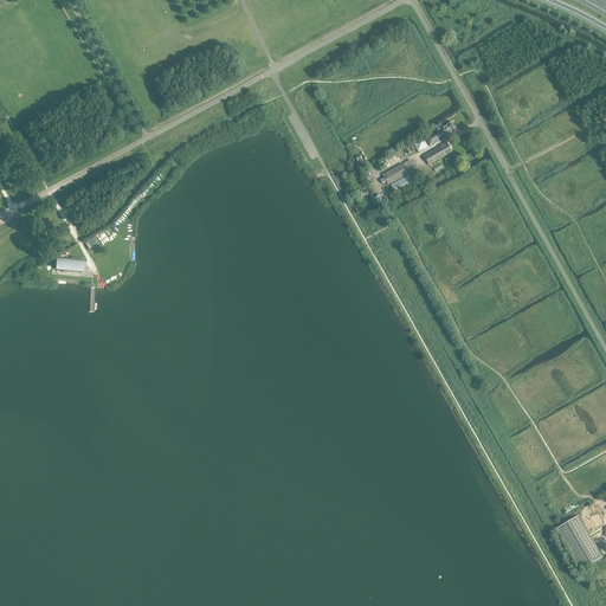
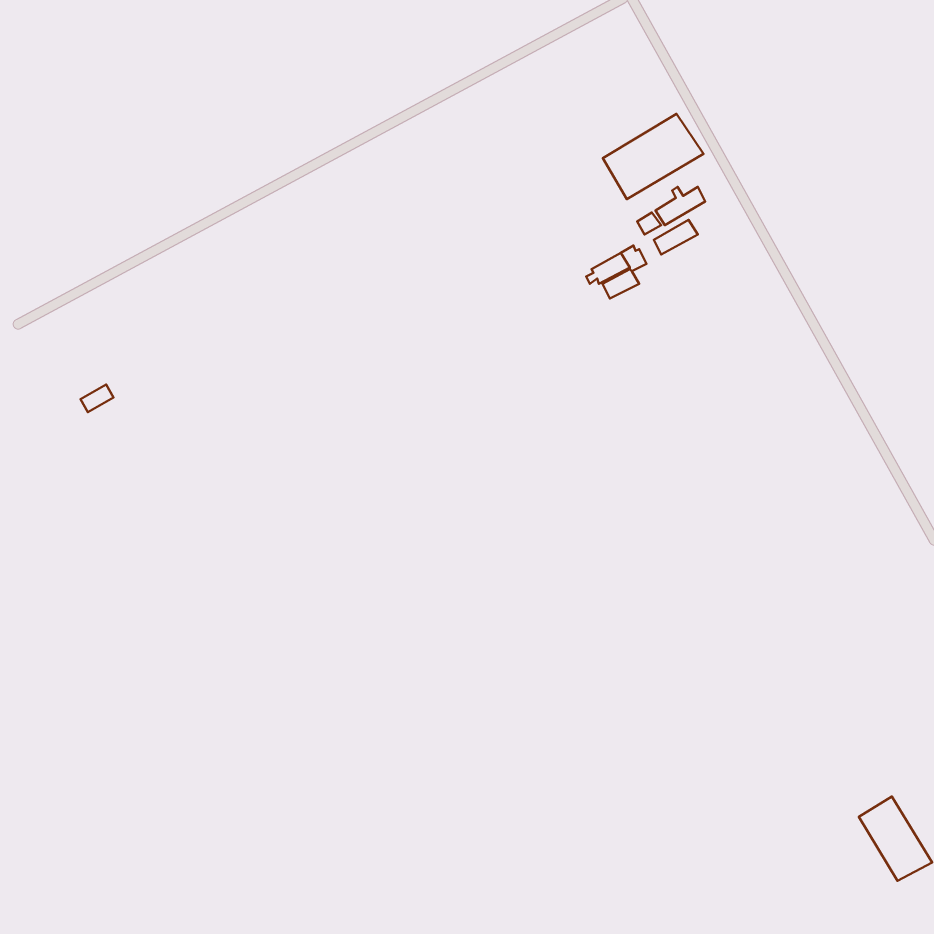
building: none -> [603,114,704,199]

